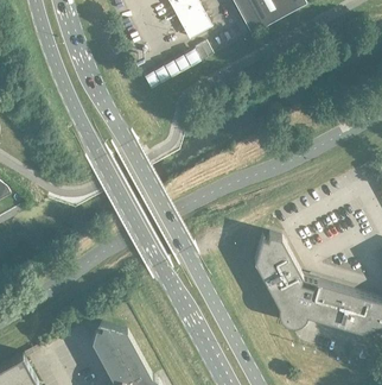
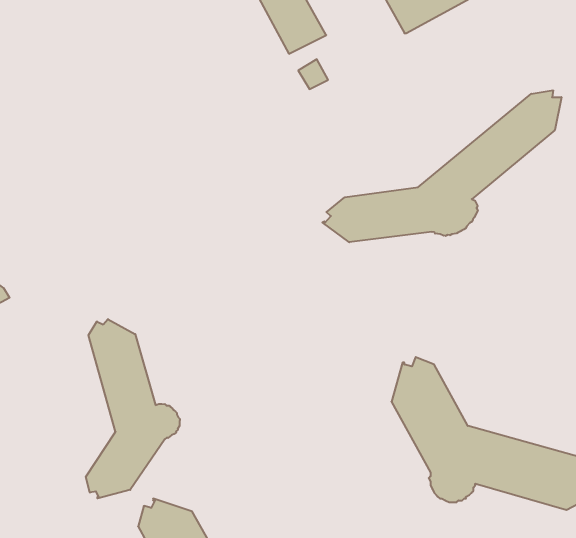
building: none -> [322,90,561,242]
building: none -> [86,319,180,498]

